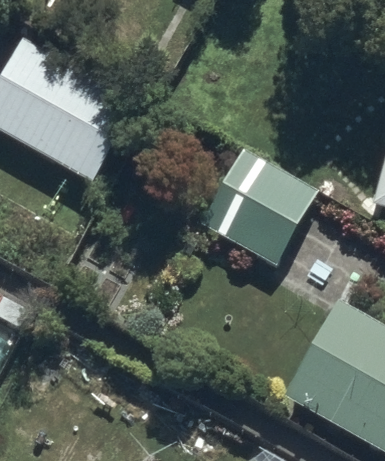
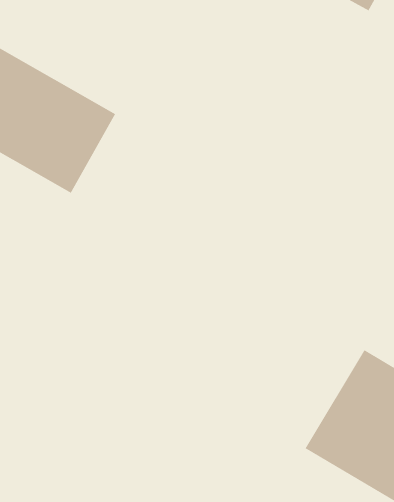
building: [201,146,316,259] -> none

